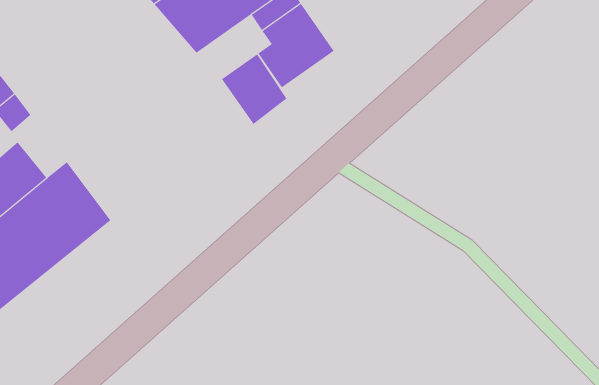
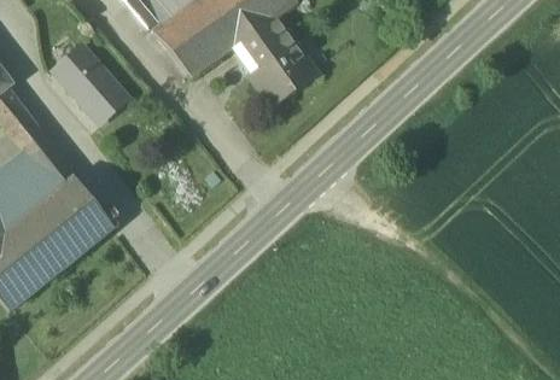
building: none -> [52,43,127,122]
building: [221,53,287,125] -> none
building: none -> [22,131,72,188]

